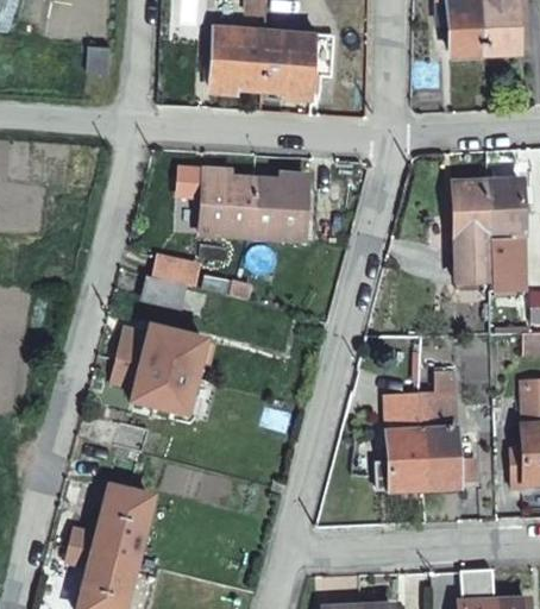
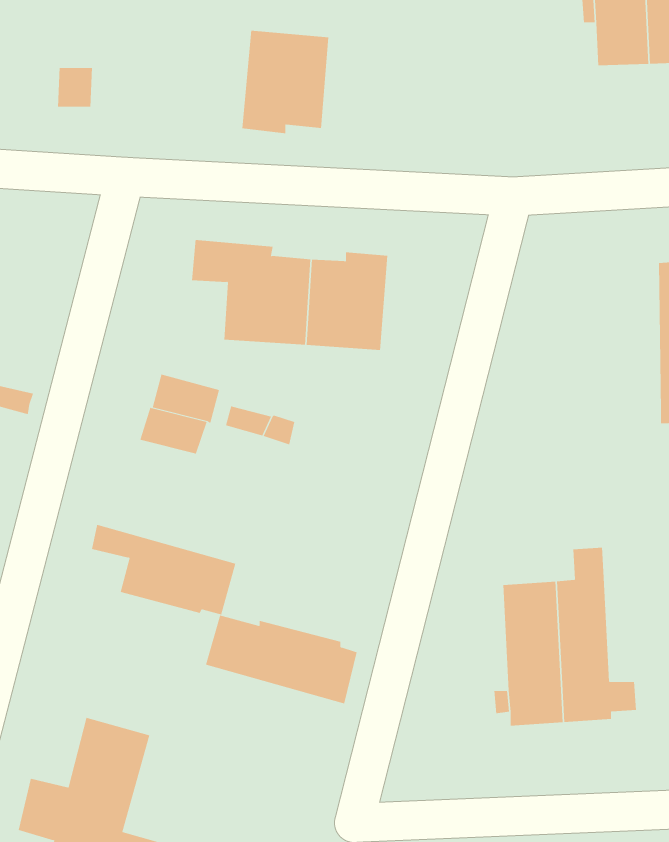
building: [265,31,321,101] -> none
building: [452,181,490,282] -> none
building: [115,321,216,381] -> [205,615,357,704]

